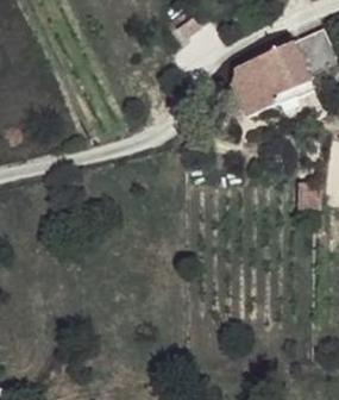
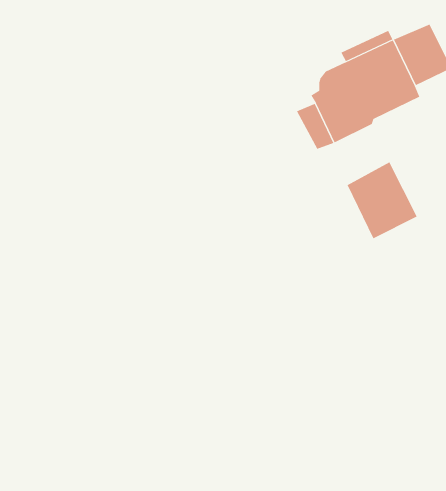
building: none -> [347,161,417,239]

